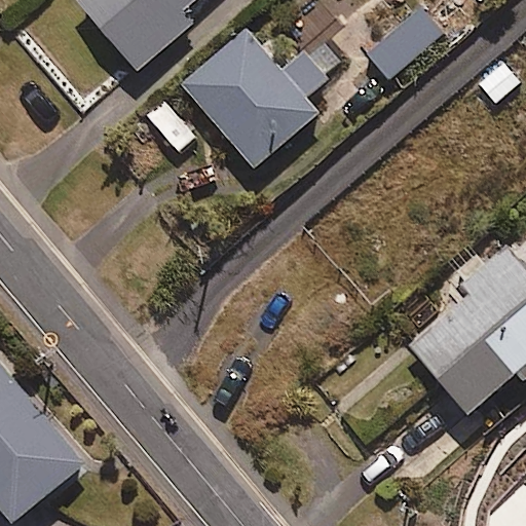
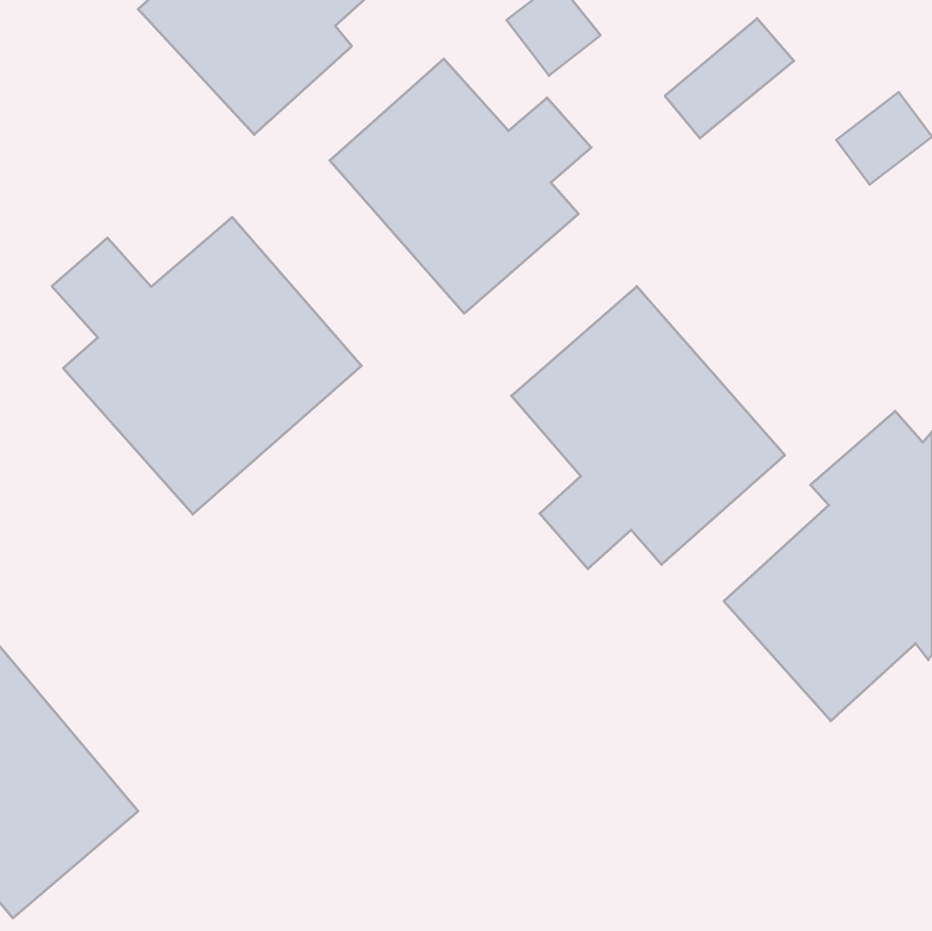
building: none -> [52,217,362,514]
building: none -> [511,286,785,569]

